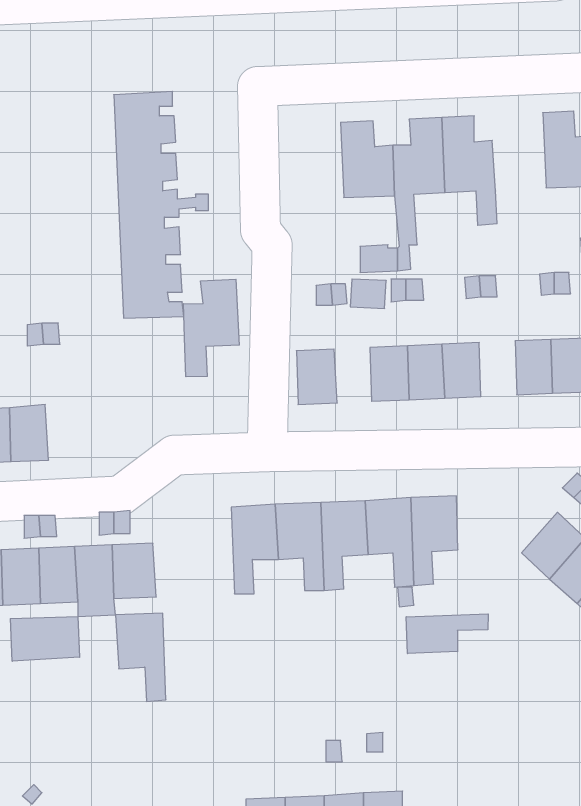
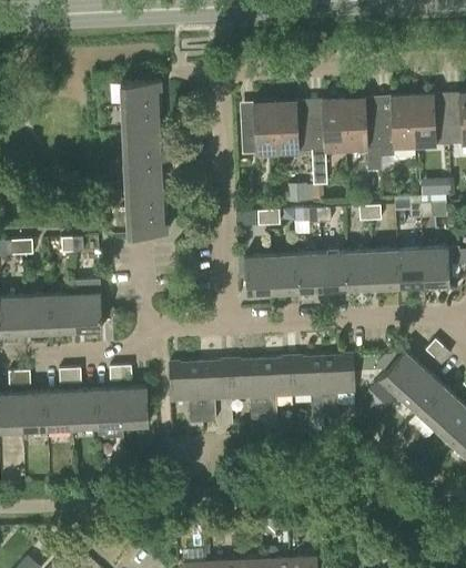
building: none -> [377,94,414,148]
building: none -> [239,101,276,154]
building: [184,279,239,377] -> none
building: none -> [368,250,394,287]
building: none -> [270,254,295,292]
building: none -> [73,292,101,331]
building: none -> [378,351,422,394]
building: [115,613,166,701] -> [168,363,202,423]
building: [406,614,488,654] -> none
building: [10,617,80,661] -> none

